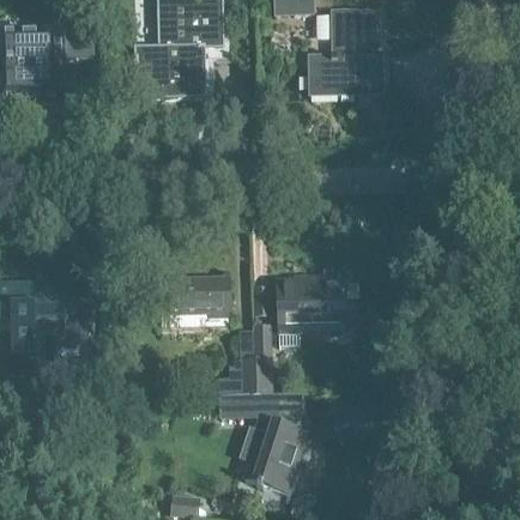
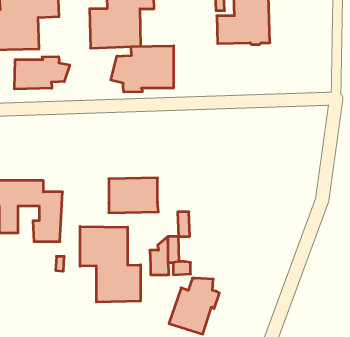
building: none -> [111,46,174,92]
building: none -> [15,57,70,89]
building: [274,273,343,329] -> none
building: none -> [80,226,141,302]

